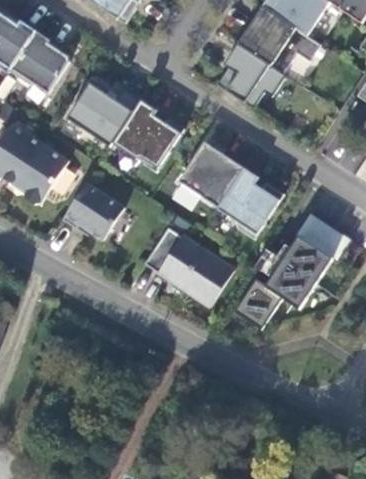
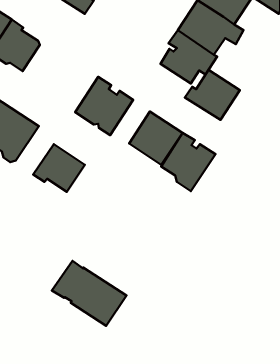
building: [66,78,140,146] -> none
building: none -> [185,70,240,120]
building: [234,210,351,328] -> none
building: [142,227,233,306] -> [52,261,127,326]

